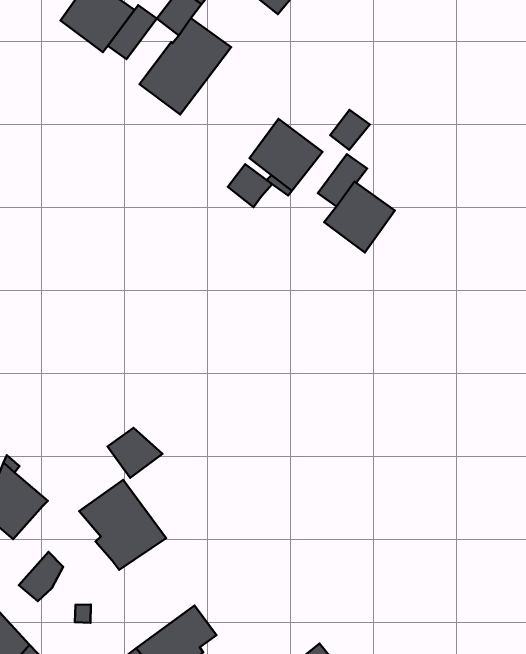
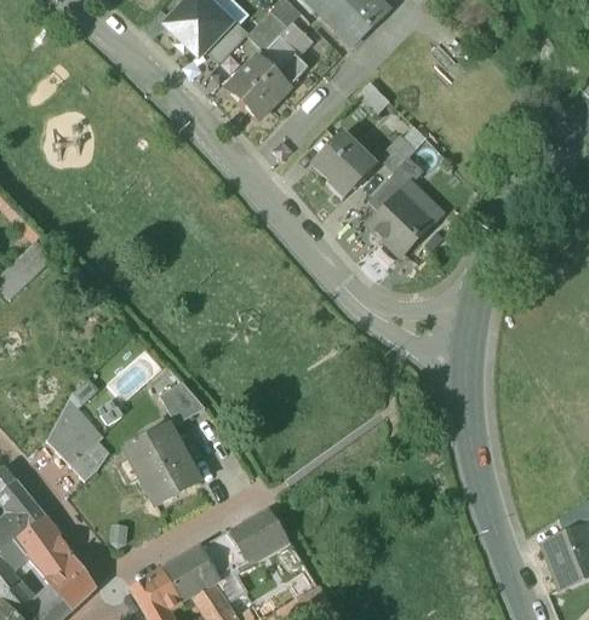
building: [228,164,272,207] -> none
building: [19,552,63,601] -> [69,437,109,478]
building: none -> [217,509,290,569]

